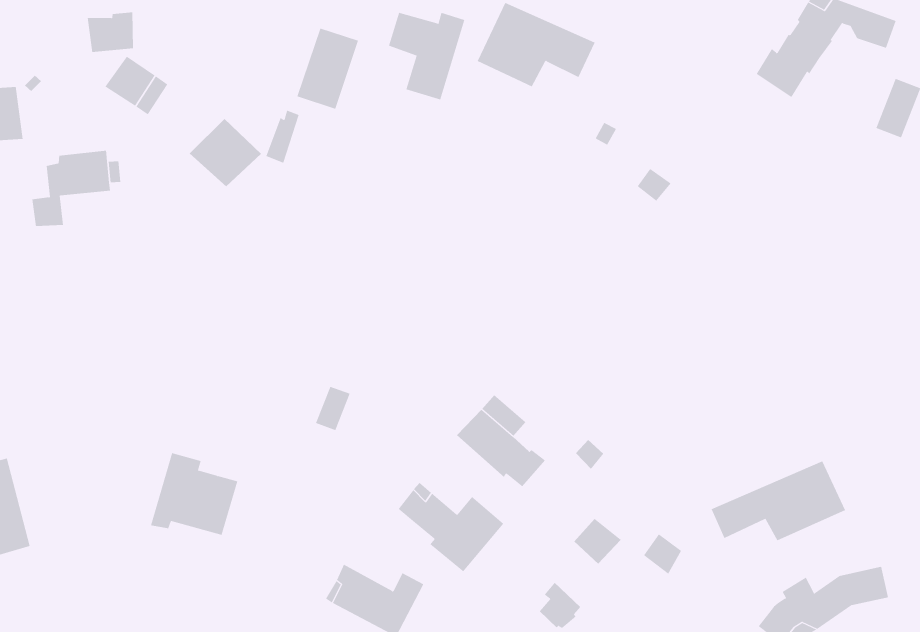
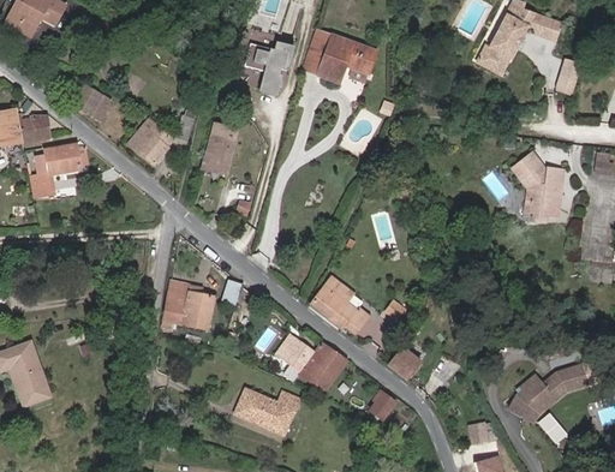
building: [87,12,134,52] -> [18,114,49,142]
building: [297,28,359,110] -> [202,123,238,173]
building: none -> [514,154,562,219]
building: [150,453,238,535] -> [162,281,215,330]
building: [711,460,846,541] -> none

